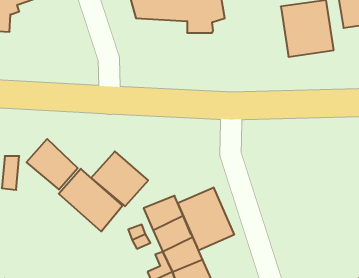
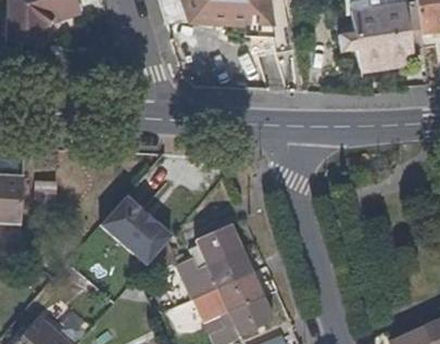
building: [27,139,78,190] -> none
building: [91,151,148,206] -> none
building: [178,187,234,250] -> none

